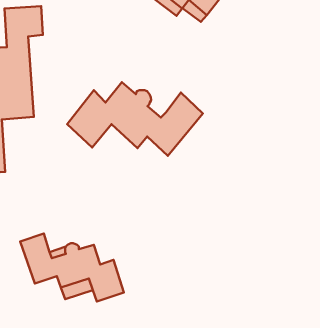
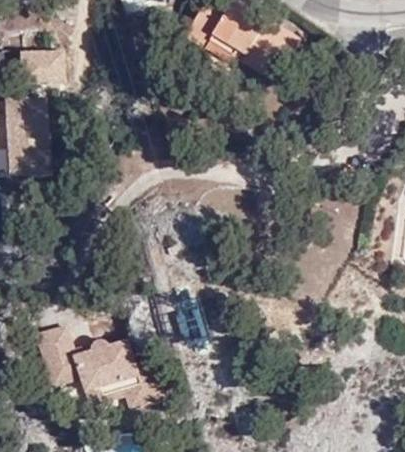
building: [67,82,203,156] -> none

